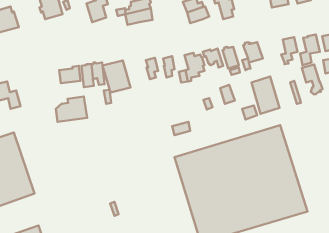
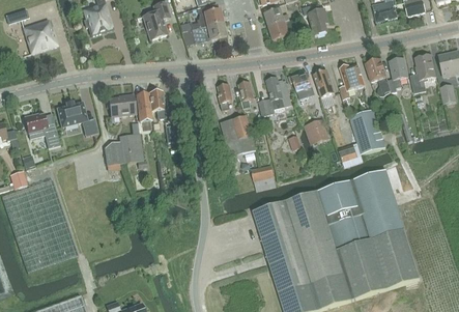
building: [102,60,130,93] -> [220,116,255,157]
building: [302,65,323,94] -> [365,59,391,96]
building: none -> [56,102,97,136]

